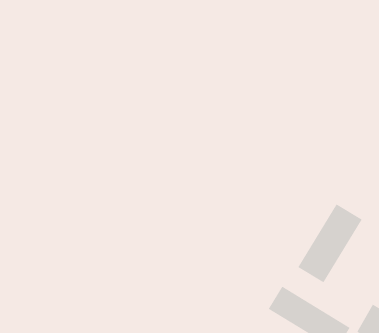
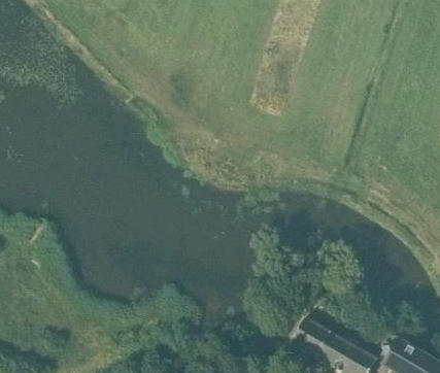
building: [298,204,362,283] -> none

